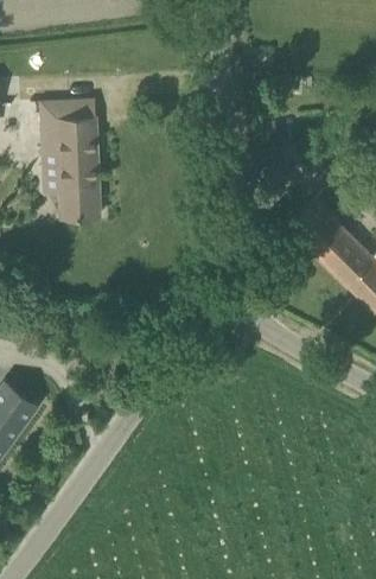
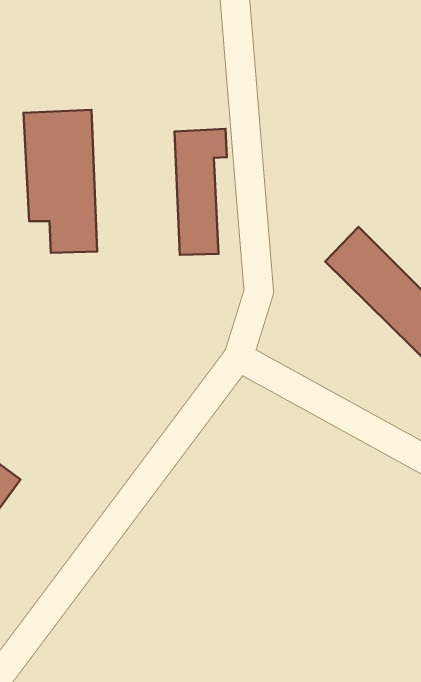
building: none -> [175,129,227,255]

